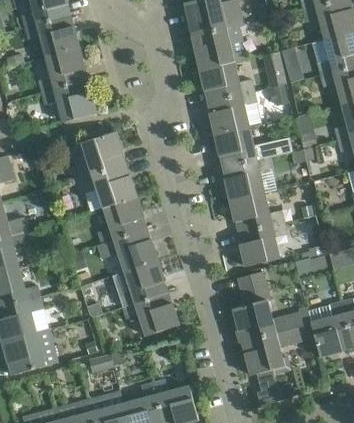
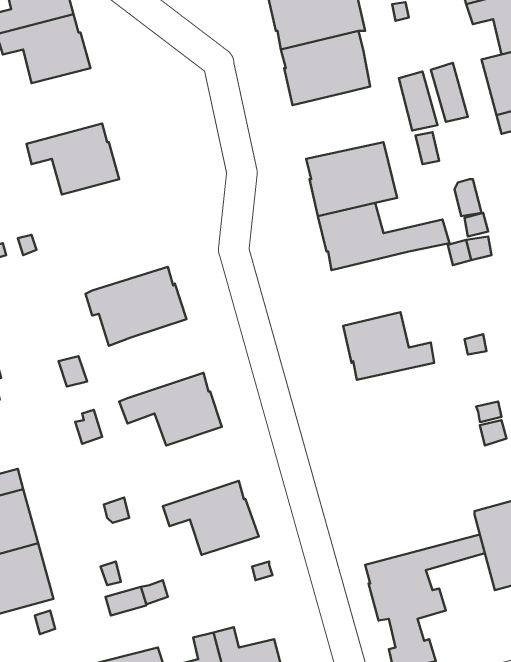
building: [38,47,86,92] -> none
building: [199,61,253,101] -> none
building: [68,132,125,181] -> none
building: [222,156,276,200] -> none
building: [97,196,146,243] -> none
building: [237,222,286,266] -> none
building: [112,260,167,307] -> none
building: [232,271,310,342] -> none

